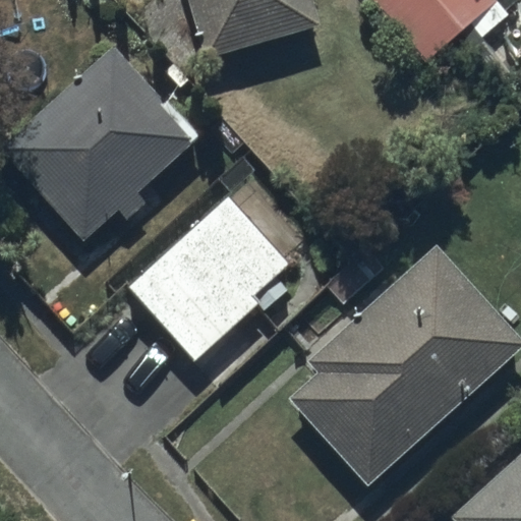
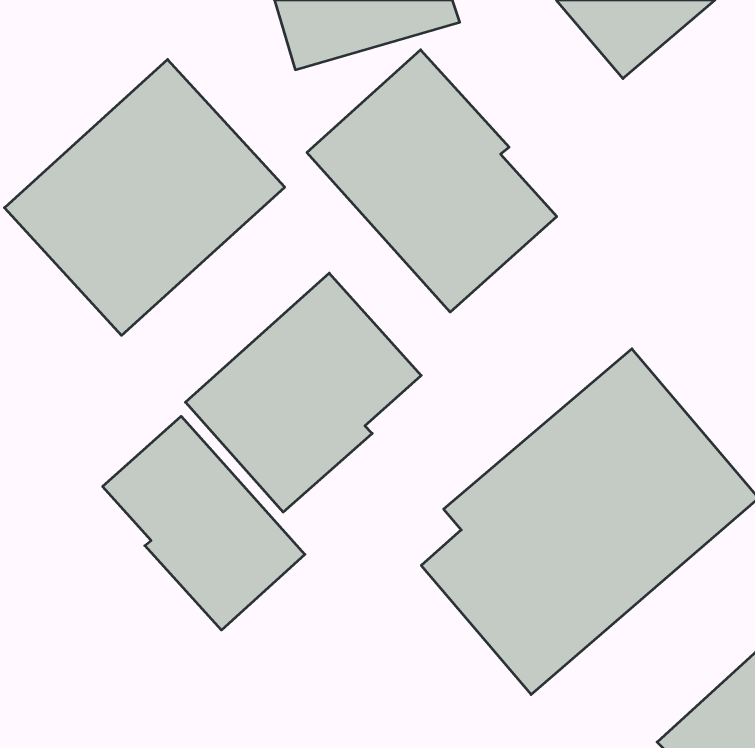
building: none -> [307,50,557,312]
building: none -> [103,416,305,630]

